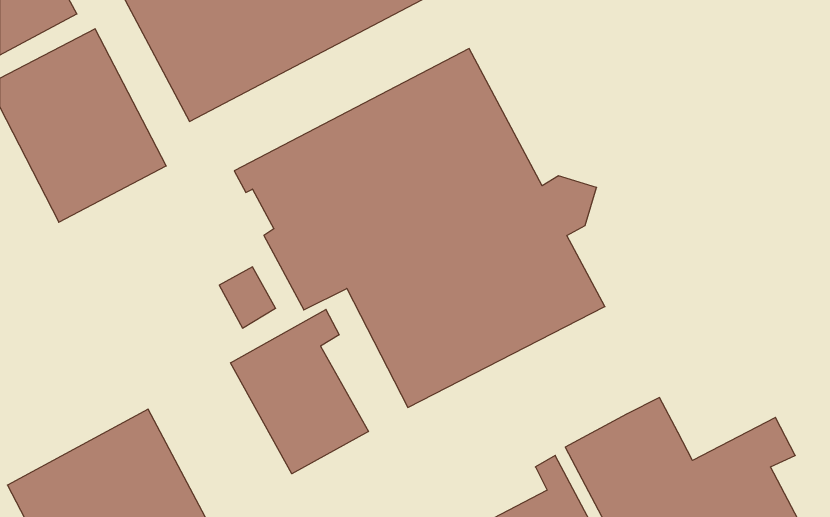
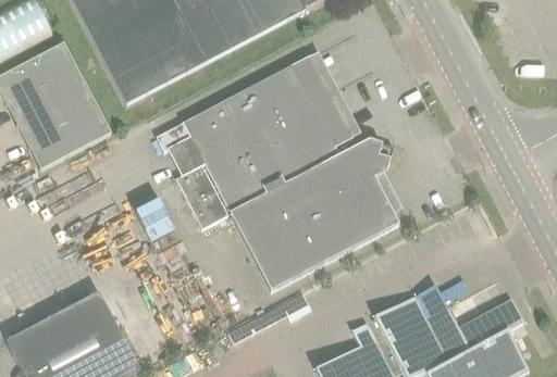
building: [231,309,368,474] -> none

